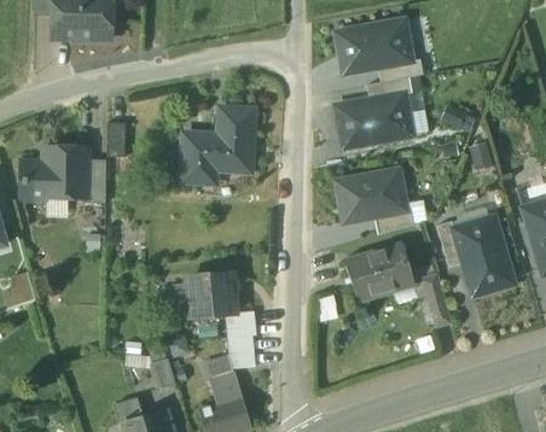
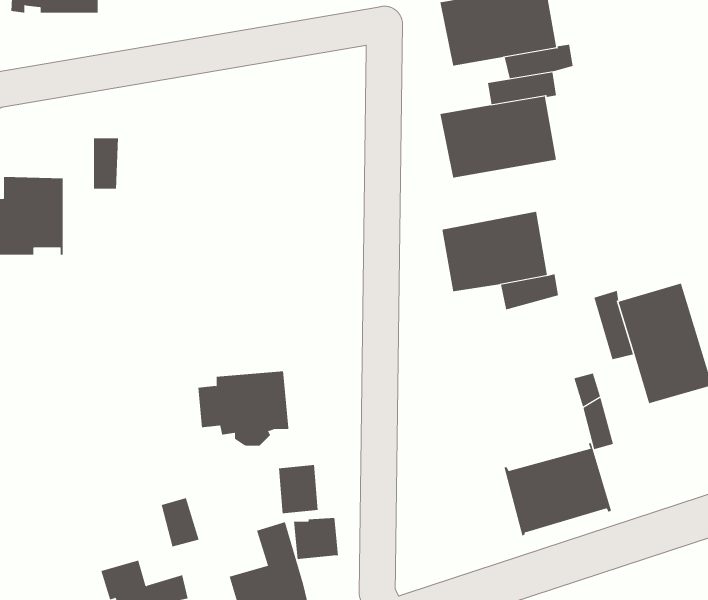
building: [180,107,252,182] -> none
building: [85,158,105,202] -> none
building: [343,239,414,300] -> [504,443,612,536]
building: [226,309,256,337] -> [293,517,339,560]

